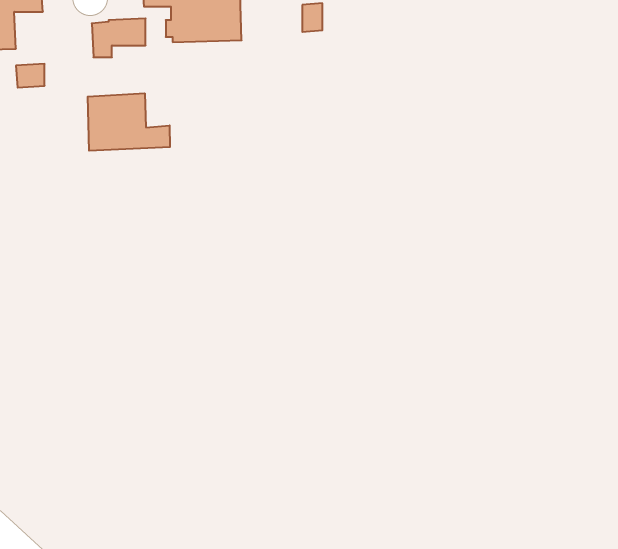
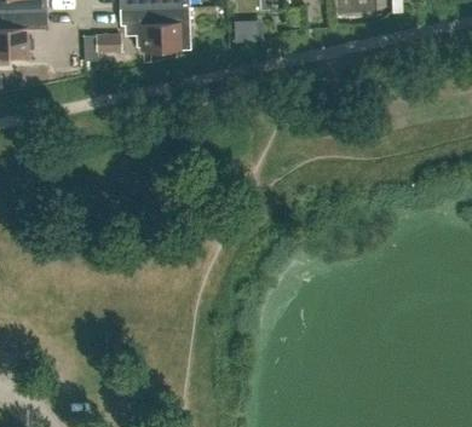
building: [88,93,170,151] -> none

